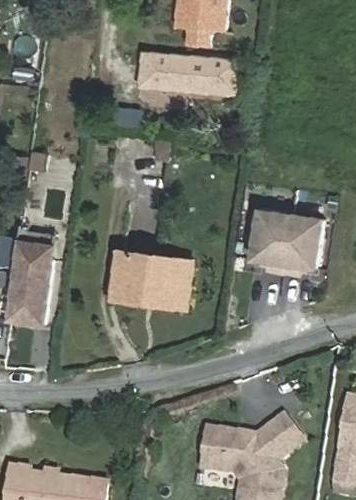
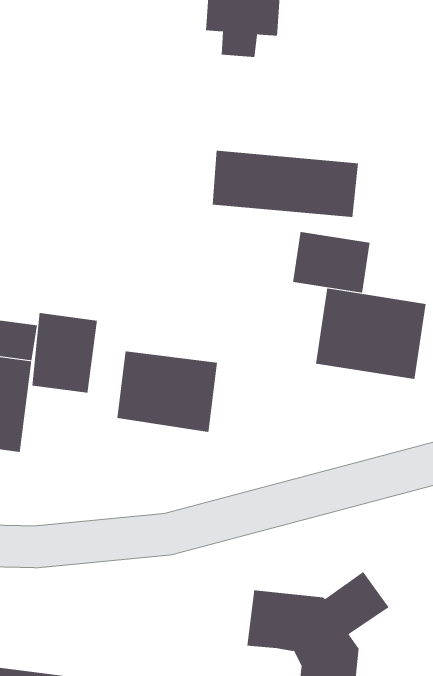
building: [138,52,241,99] -> [212,150,359,218]
building: none -> [292,231,370,294]
building: none -> [32,312,98,393]

